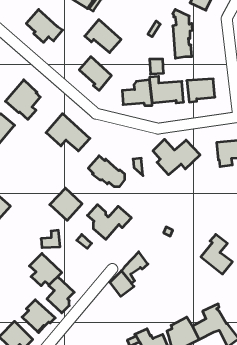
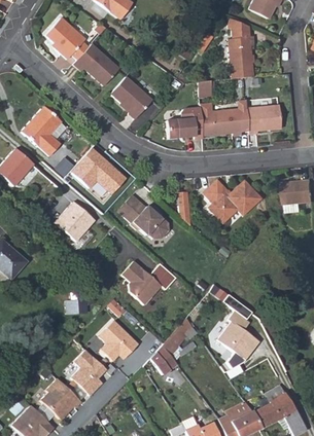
building: [85,20,121,53] -> [73,43,118,84]
building: [50,188,82,220] -> [54,199,94,240]
building: [201,234,232,274] -> [216,311,255,360]
building: [29,253,62,286] -> [98,320,138,360]

